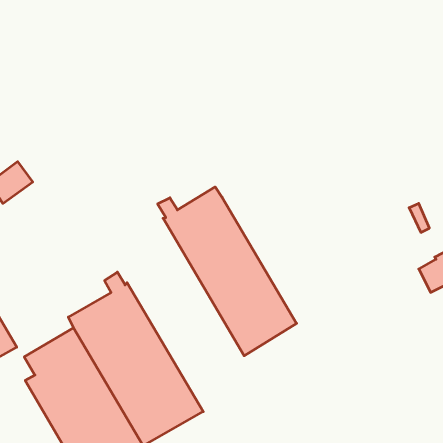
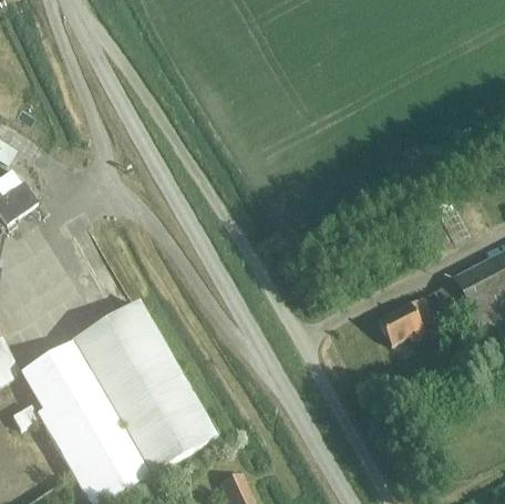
building: [158,187,297,356] -> none
building: none -> [381,294,436,340]

